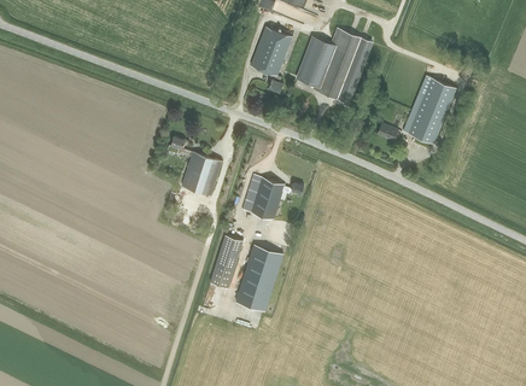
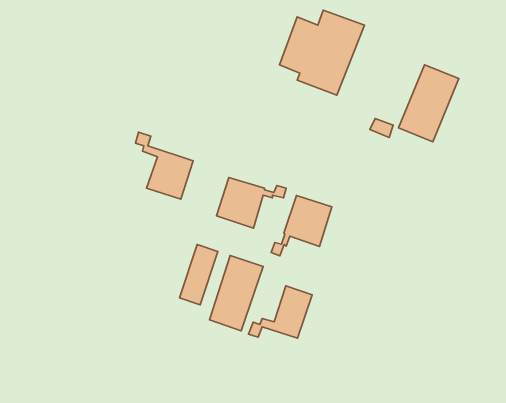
building: [250,27,291,92] -> none
building: none -> [271,196,332,256]
building: none -> [249,286,312,338]

